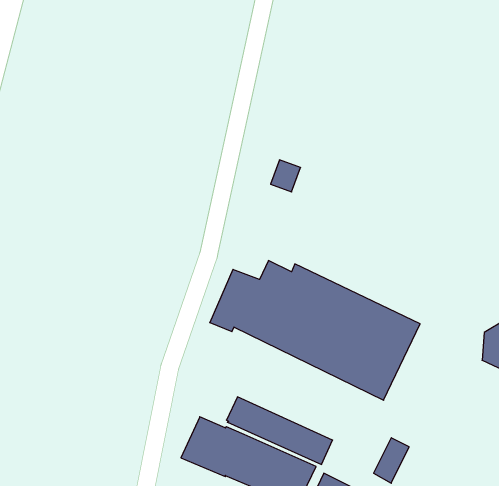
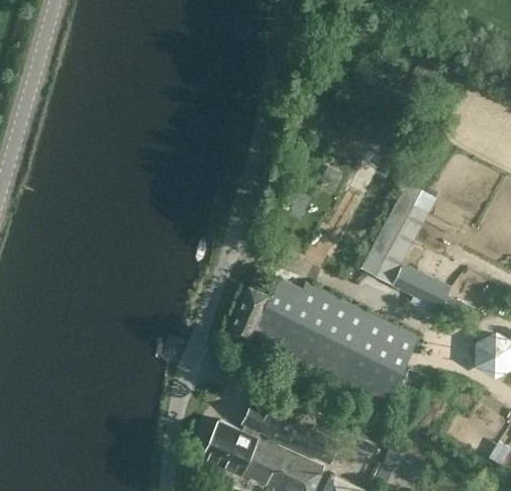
building: none -> [359,181,450,310]

